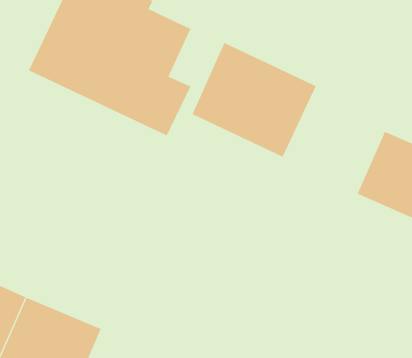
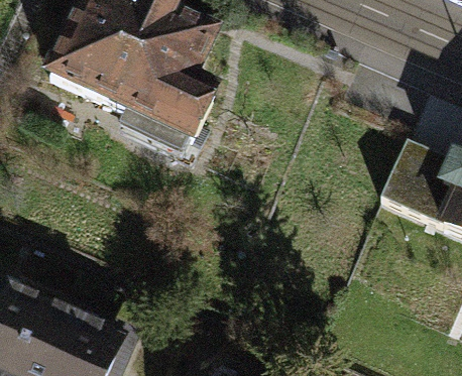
building: [192,42,317,158] -> none

